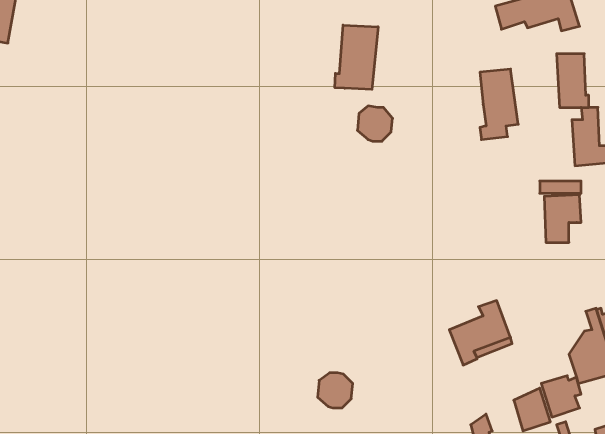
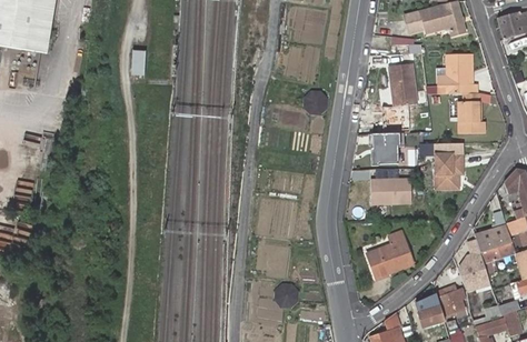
building: [335,25,378,89] -> none
building: none -> [369,133,405,165]
building: none -> [370,177,411,202]

